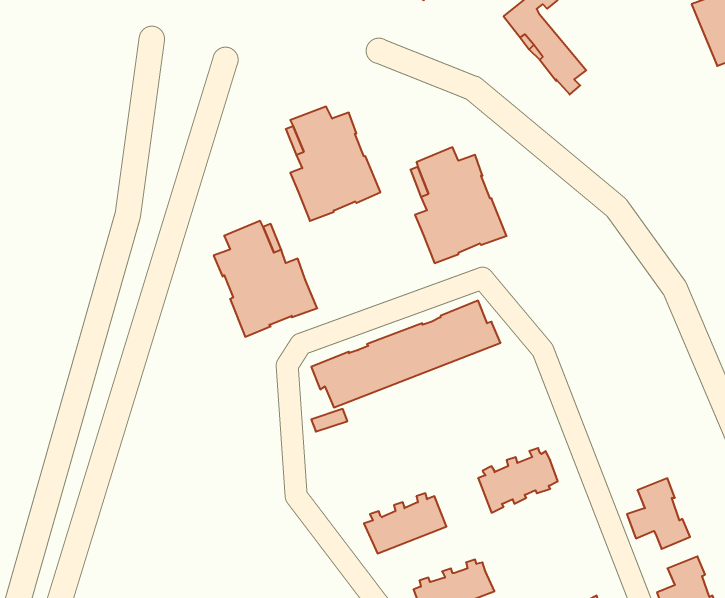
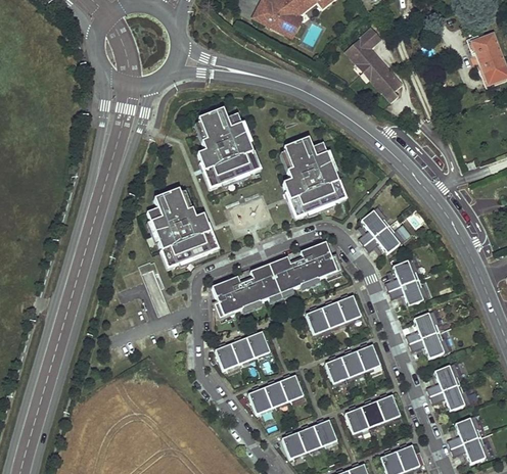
building: none -> [359,206,405,252]
building: none -> [385,257,429,305]
building: none -> [307,293,361,336]
building: none -> [407,311,450,358]
building: none -> [215,329,270,369]
building: none -> [345,392,401,436]

